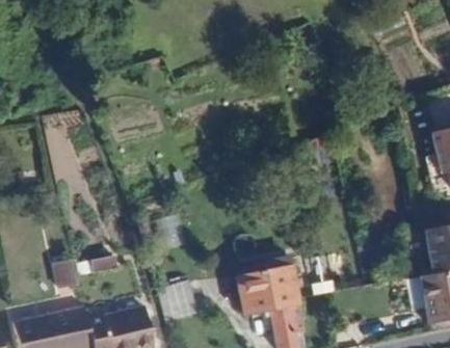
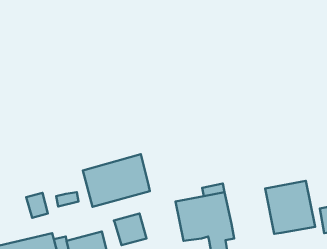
building: none -> [83,154,150,207]
building: none -> [265,181,315,234]

